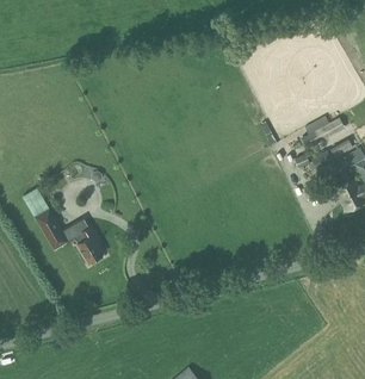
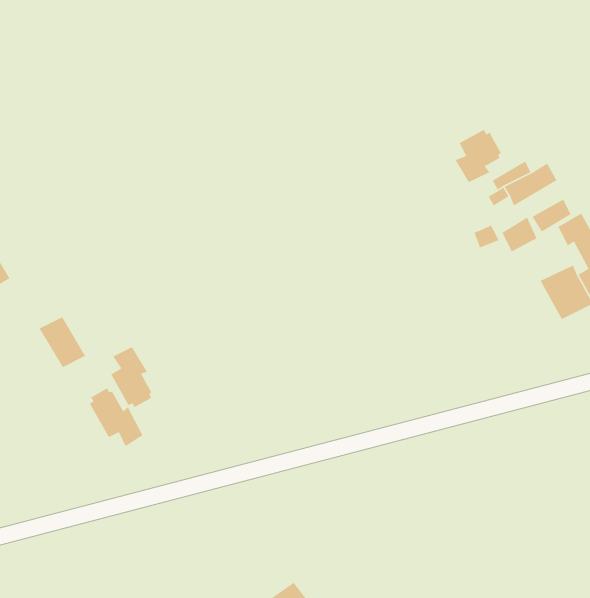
building: none -> [455,129,502,183]
building: none -> [89,387,143,447]

